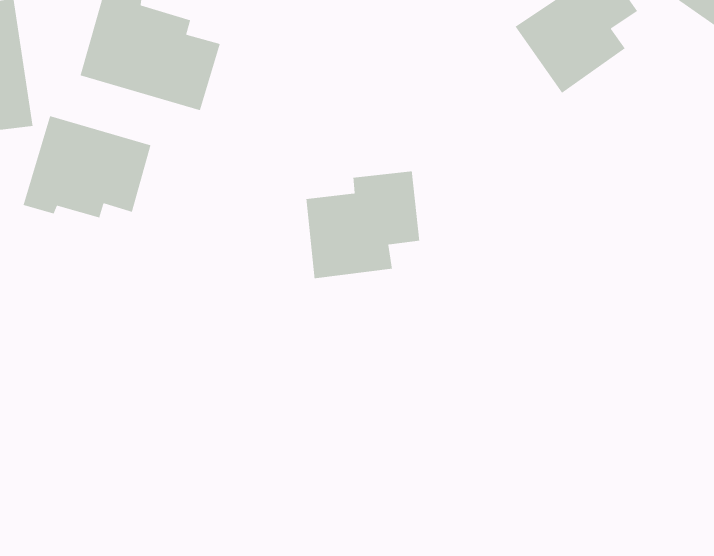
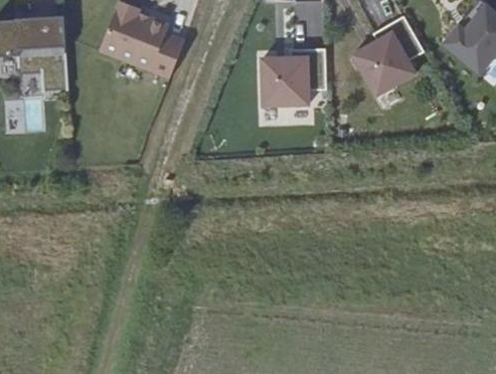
building: [23,115,152,218] -> none
building: [306,170,420,279] -> [262,48,326,107]

